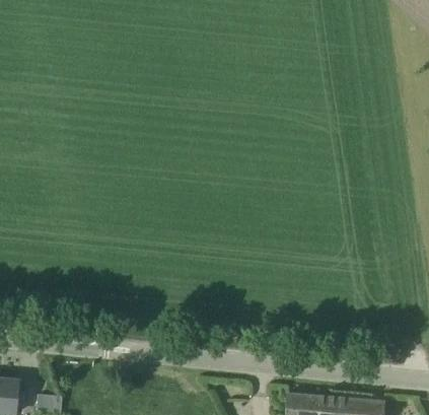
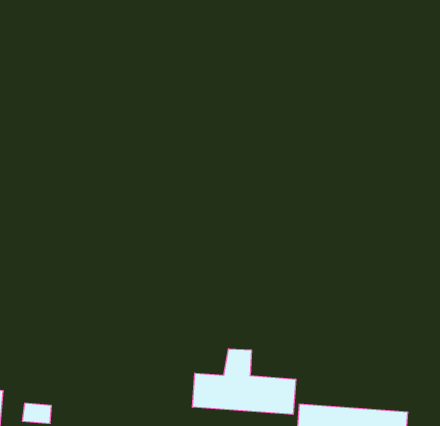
building: none -> [192,349,296,414]

